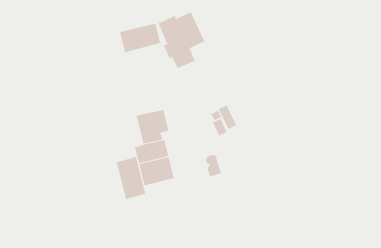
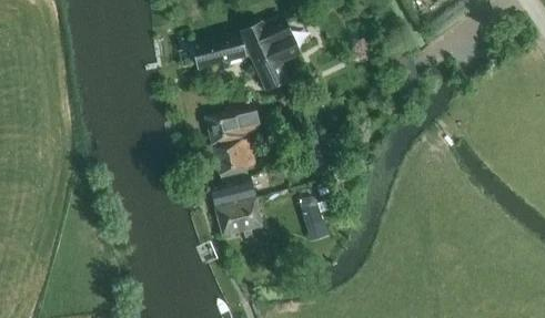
building: none -> [205,100,261,145]
building: [116,156,146,200] -> none

